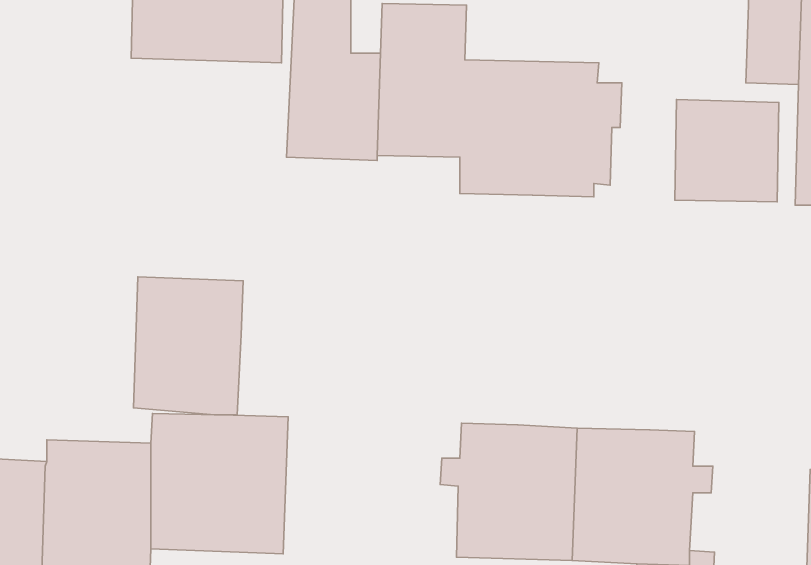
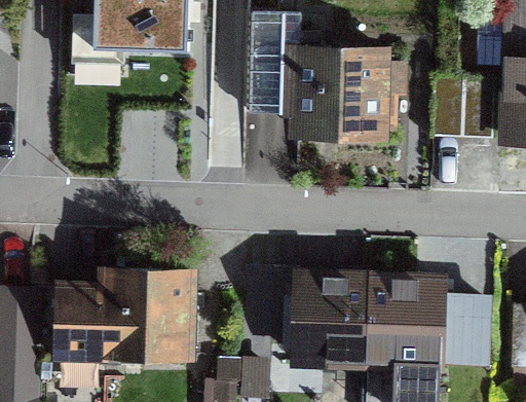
building: [133,277,243,415] -> none

